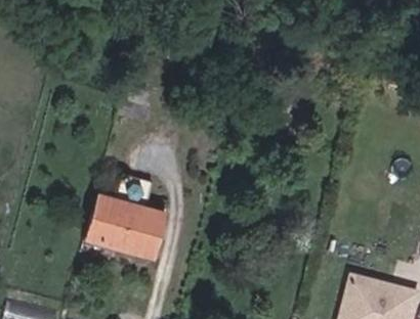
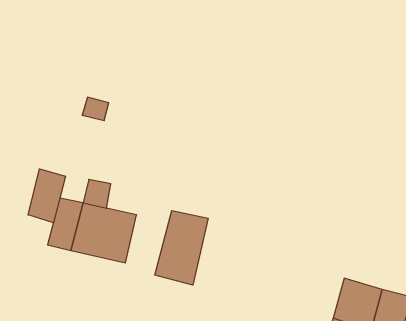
building: none -> [28,169,65,223]
building: none -> [155,211,208,285]

